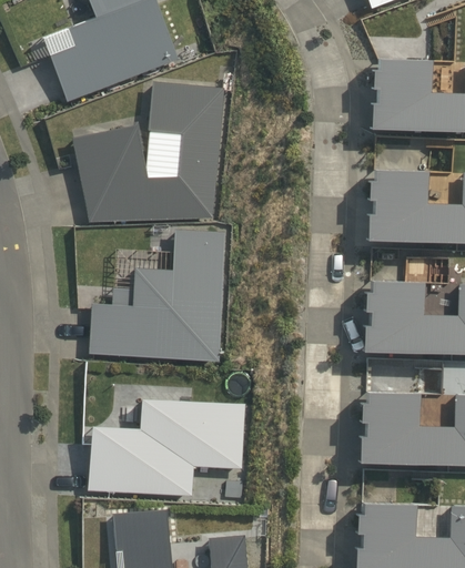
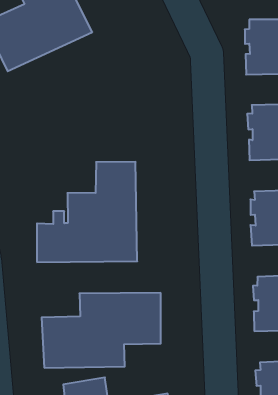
building: [70,81,223,222] -> none

